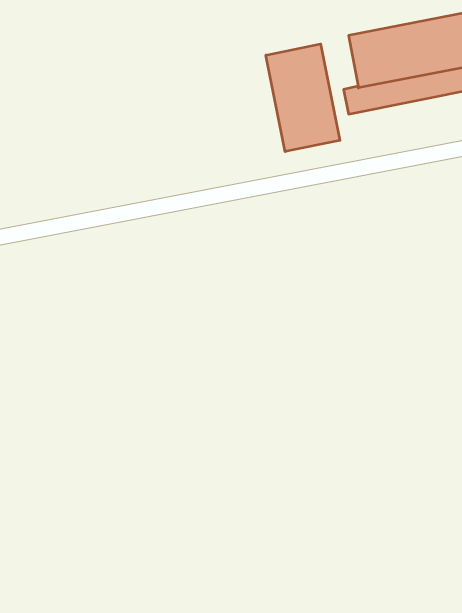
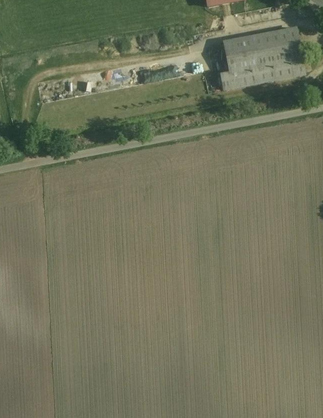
building: [266,44,340,152] -> none

